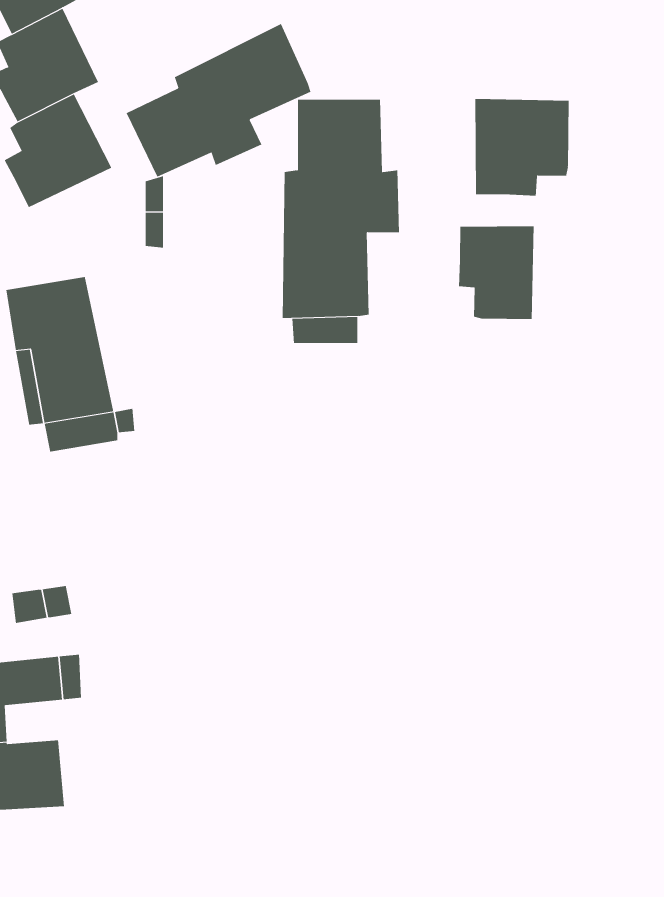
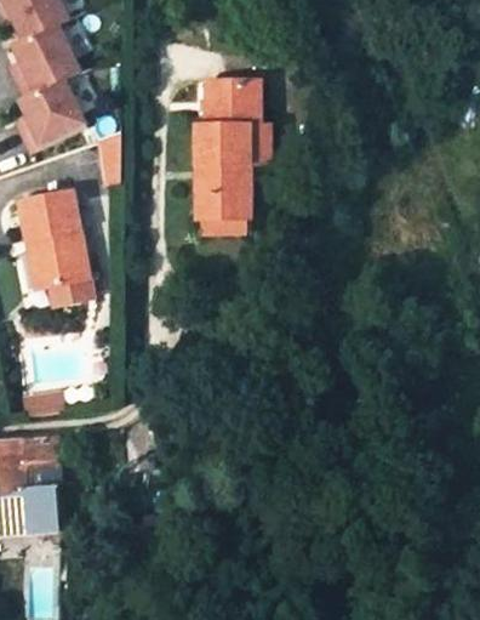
building: [126,23,311,177] -> none
building: [475,98,569,196] -> none
building: [458,225,534,320] -> none

